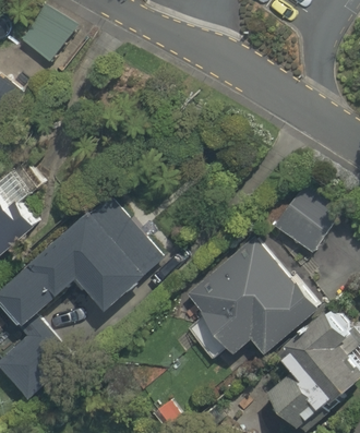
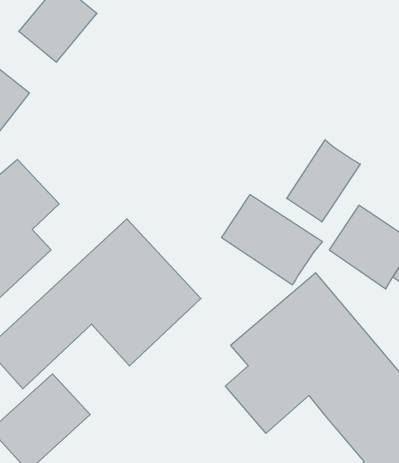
building: none -> [287,140,360,222]
building: none -> [222,195,322,285]

